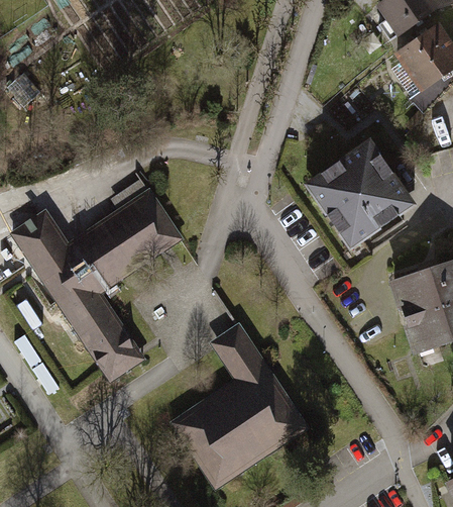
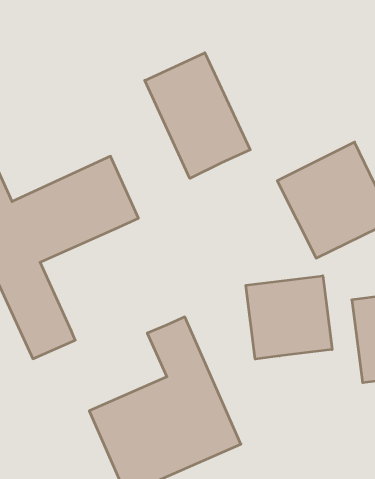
building: none -> [145,53,250,178]
building: none -> [246,276,332,359]

